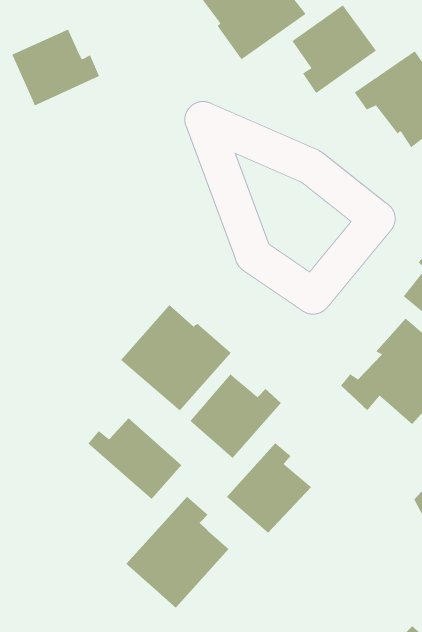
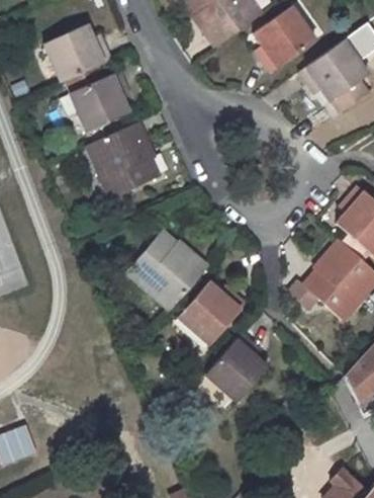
building: none -> [69,71,128,132]
building: none -> [88,122,160,197]
building: [88,417,182,500] -> none
building: [125,496,229,608] -> none

